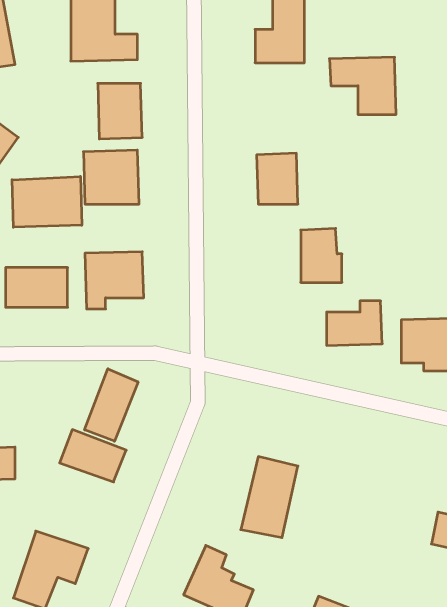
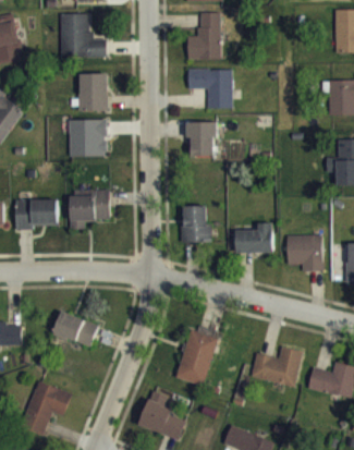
building: [329,57,396,114] -> [186,69,232,108]
building: [12,176,82,227] -> none
building: [301,228,342,282] -> [182,205,210,242]
building: [85,369,138,441] -> none
building: none -> [249,346,302,387]

